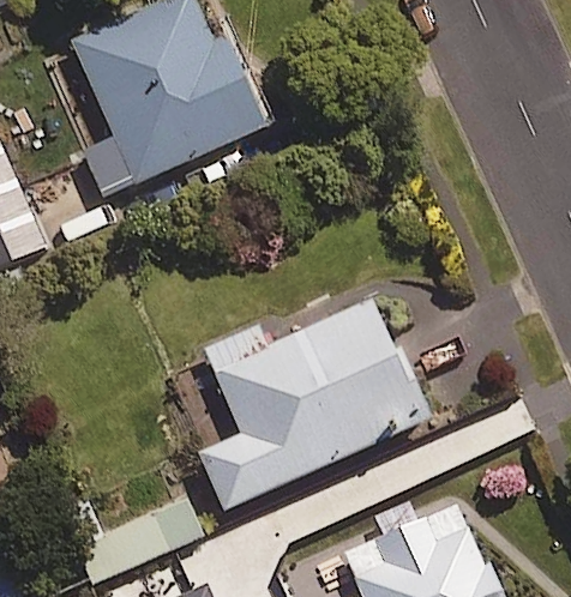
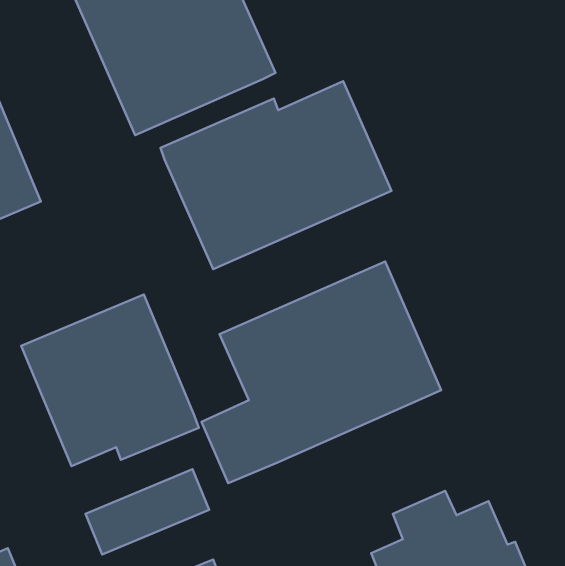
building: none -> [160,81,392,269]
building: none -> [21,295,199,466]

